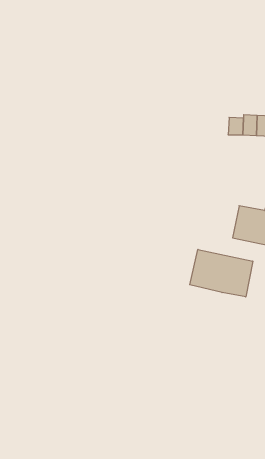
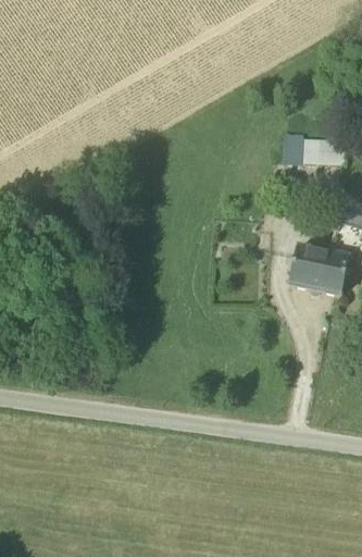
building: [190,249,253,297] -> none

